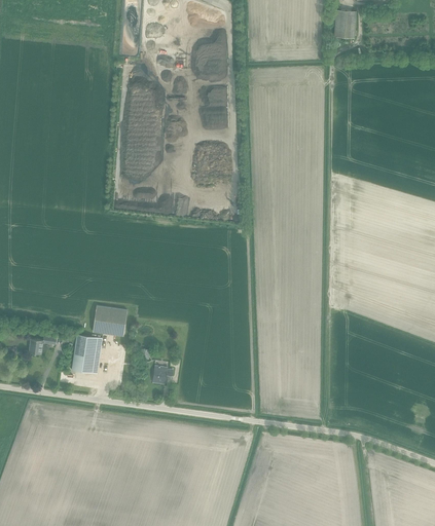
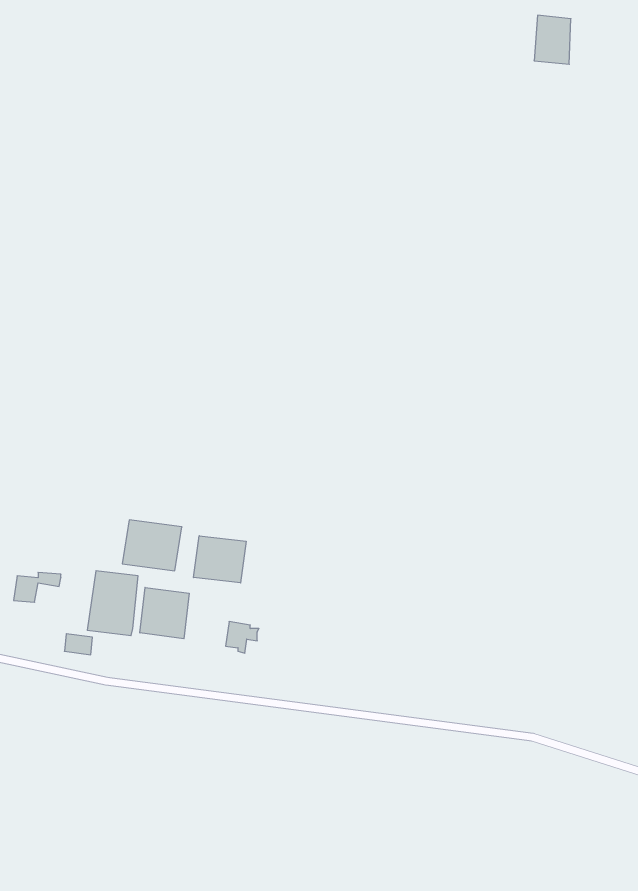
building: none -> [194,536,246,583]
building: none -> [140,587,189,639]

